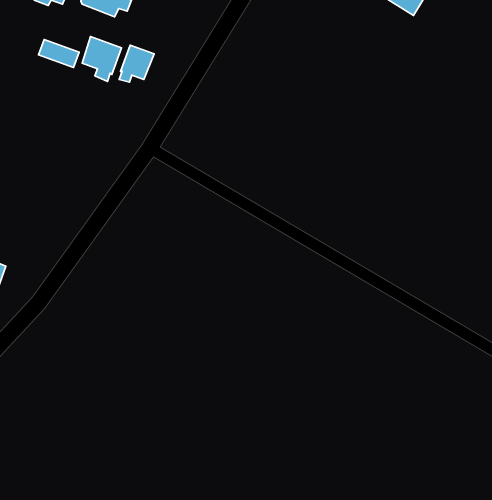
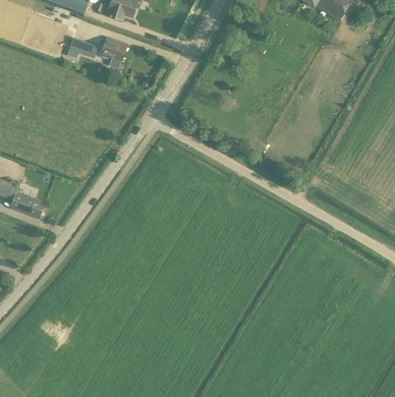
building: [119,45,154,82] -> none

